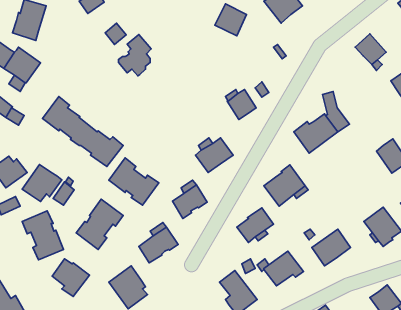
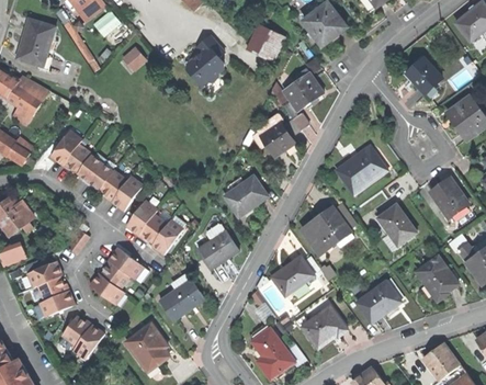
building: [118,34,151,76] -> [185,35,223,82]
building: none -> [283,72,323,110]
building: none -> [377,204,416,246]
building: [22,165,62,201] -> none

